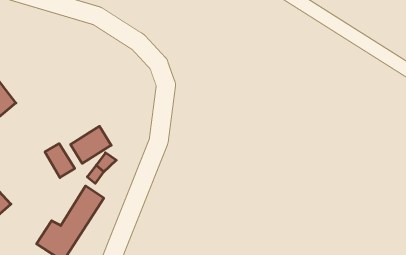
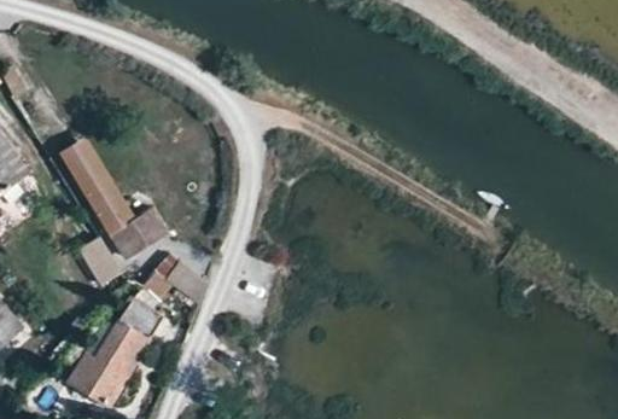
building: none -> [60,140,138,237]

